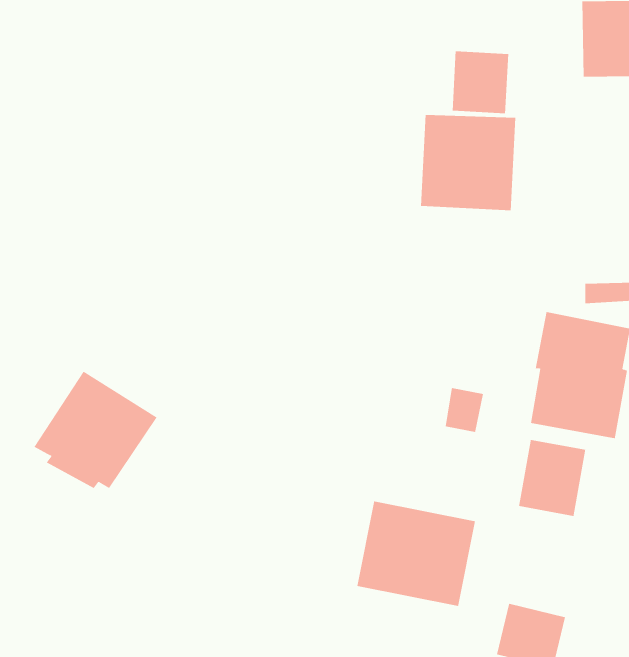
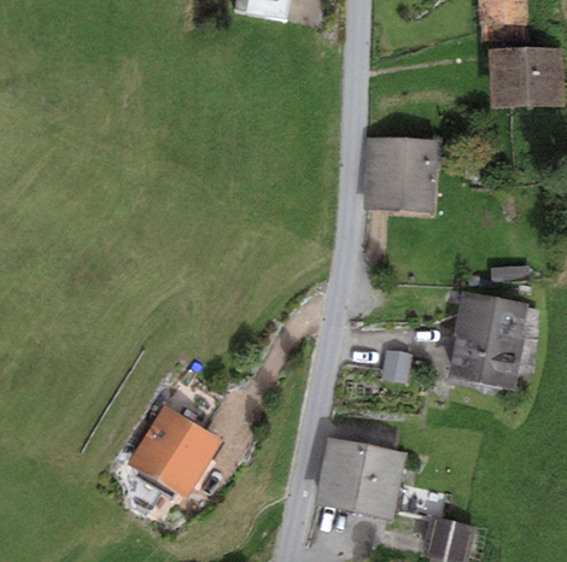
building: [452,51,509,114] -> none
building: [34,371,158,489] -> [127,404,223,496]
building: [518,439,586,517] -> none

